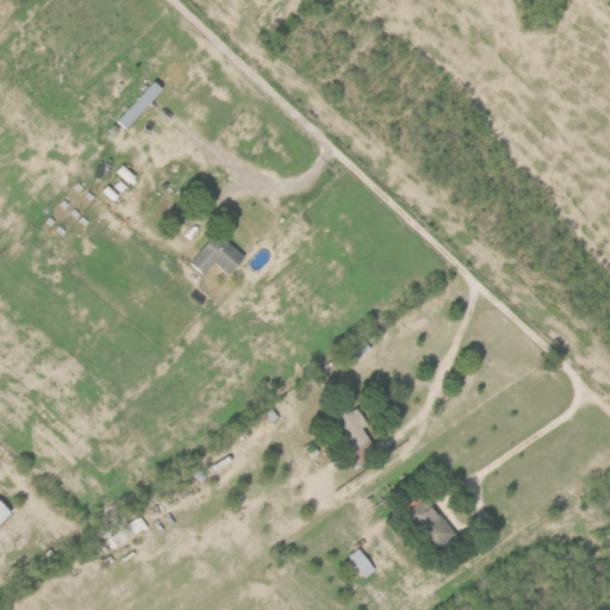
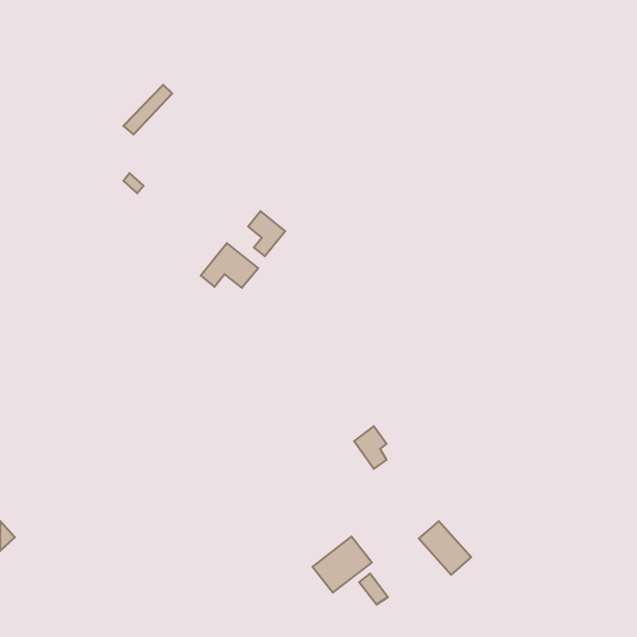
building: none -> [248,211,285,256]
building: none -> [312,537,372,593]

